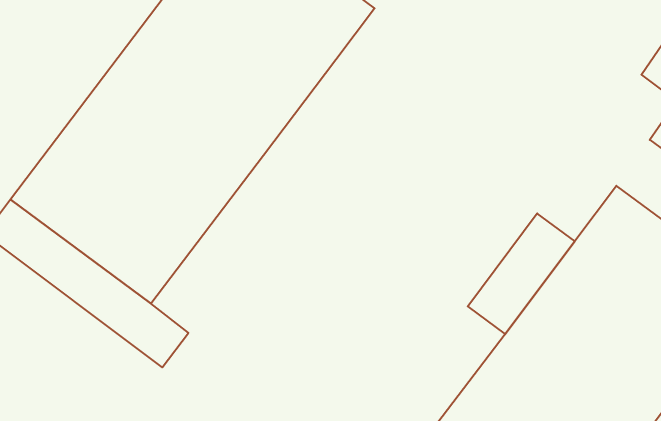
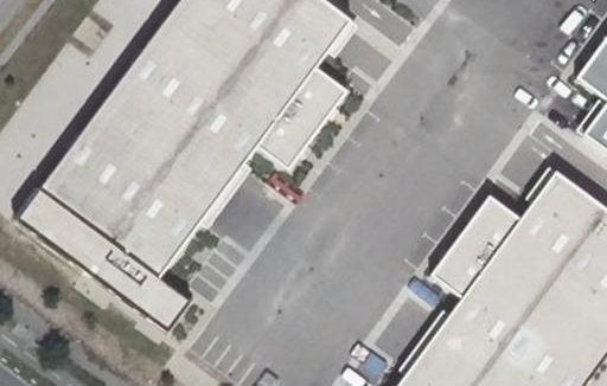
building: none -> [256,65,350,171]

